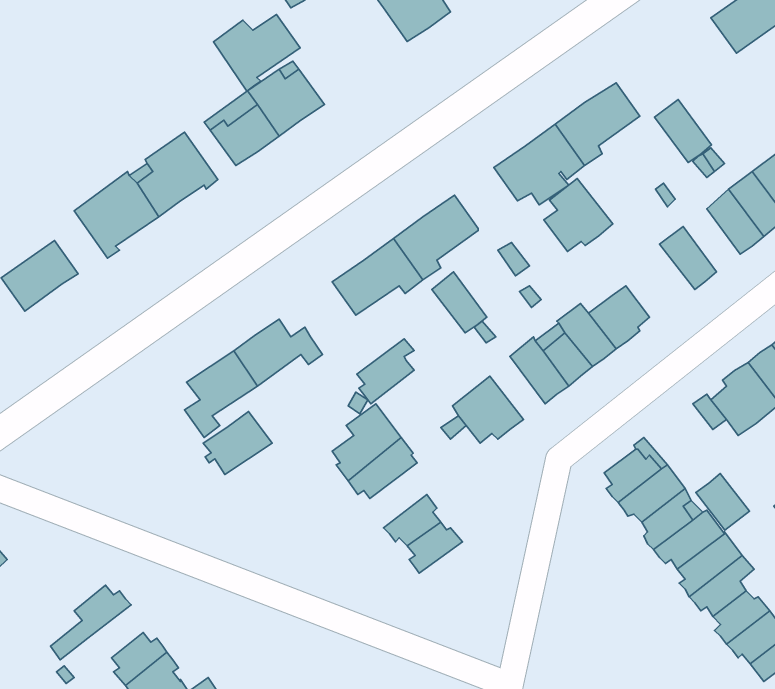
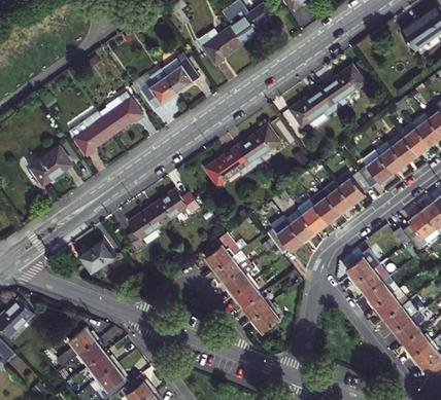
building: [213,14,300,91] -> [198,26,243,66]
building: [655,100,712,163] -> [387,131,417,163]
building: [544,179,613,252] -> [358,149,394,187]
building: [432,272,487,333] -> [286,209,315,241]
building: [357,339,414,404] -> [224,263,253,297]
building: [203,412,272,475] -> [79,240,115,272]
building: [696,474,749,530] -> none
building: none -> [249,304,279,332]
building: none -> [76,337,105,365]

